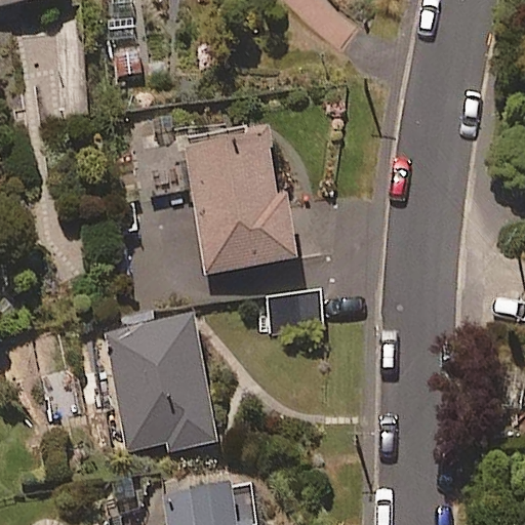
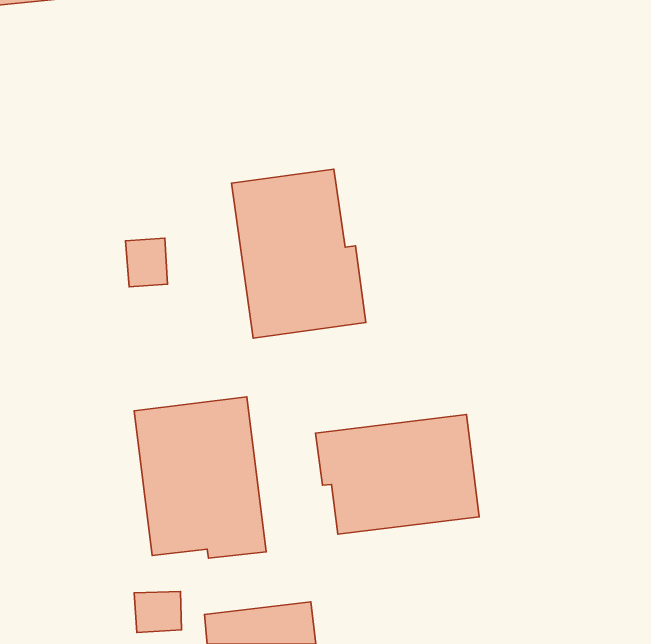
building: none -> [315,414,479,534]

